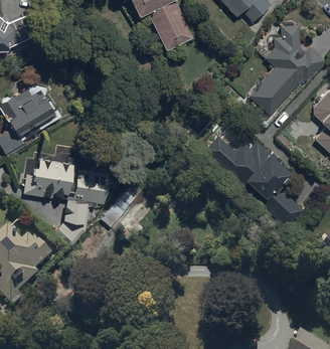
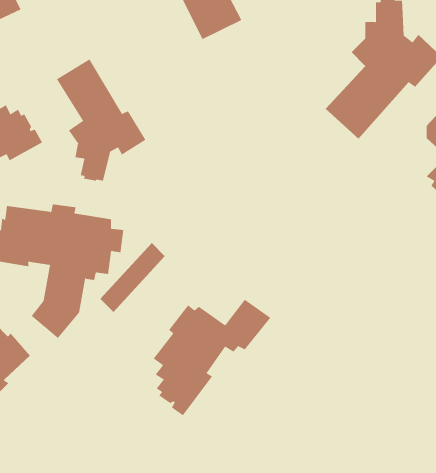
building: none -> [56,58,146,181]
building: [202,131,303,223] -> none
building: none -> [153,299,271,416]

